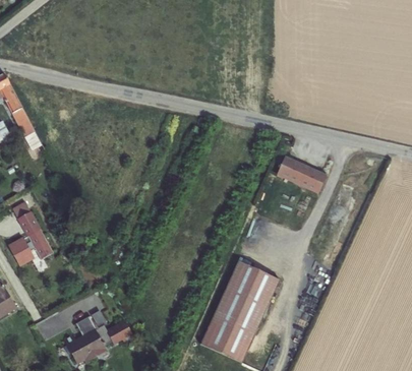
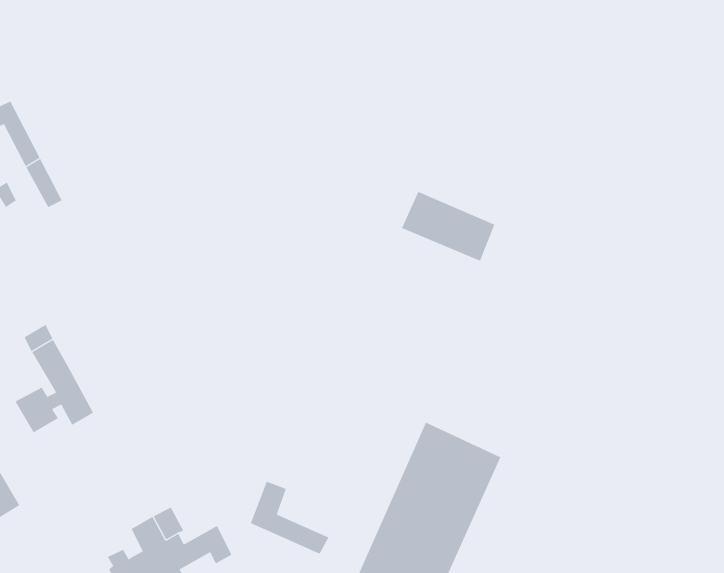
building: [279,153,331,192] -> [401,191,495,261]
building: none -> [250,481,329,555]

